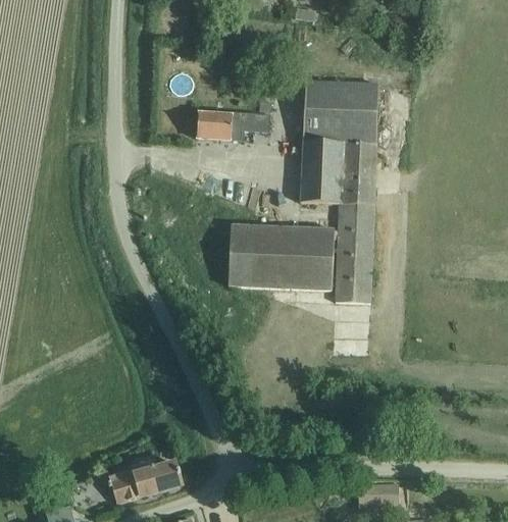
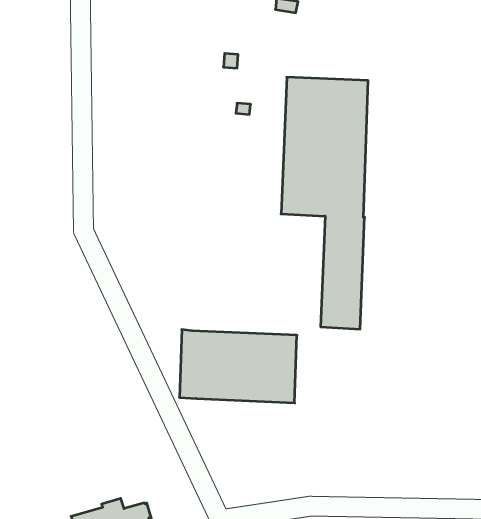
building: [197,110,270,140] -> none
building: [228,223,335,290] -> [179,330,297,403]

